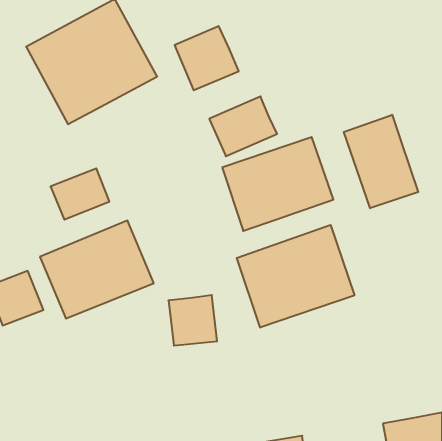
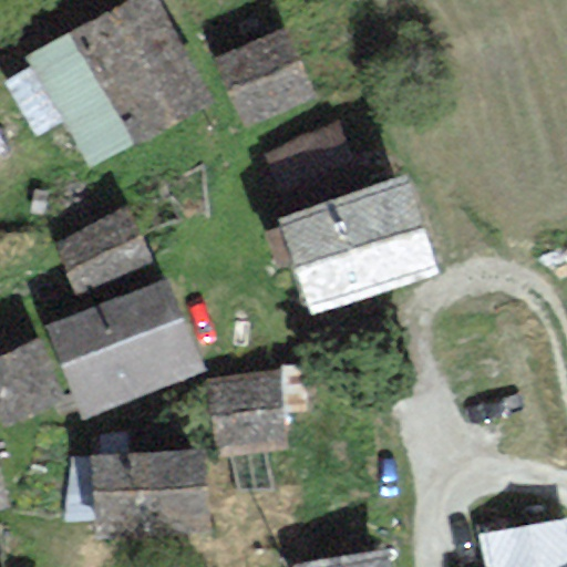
building: [344,115,418,208] -> none
building: [237,225,354,328] -> none
building: none -> [99,461,197,519]

